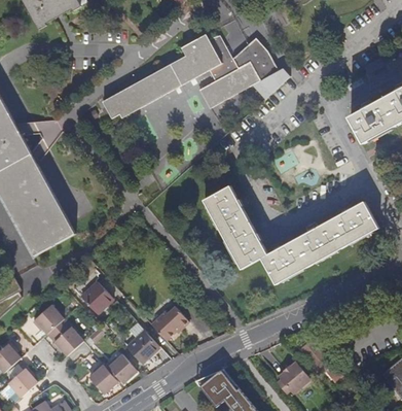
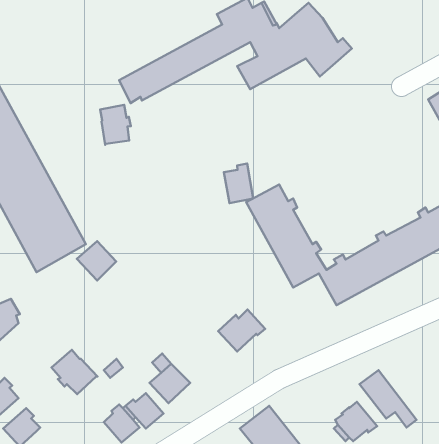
building: none -> [100,105,131,145]
building: none -> [224,163,253,203]
building: [79,282,111,314] -> [77,241,116,281]
building: [31,305,63,334] -> none
building: [150,307,188,341] -> [218,310,265,352]

